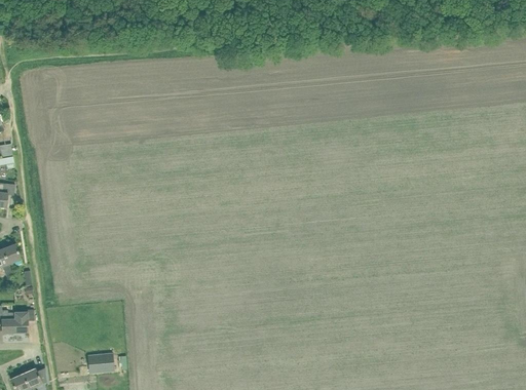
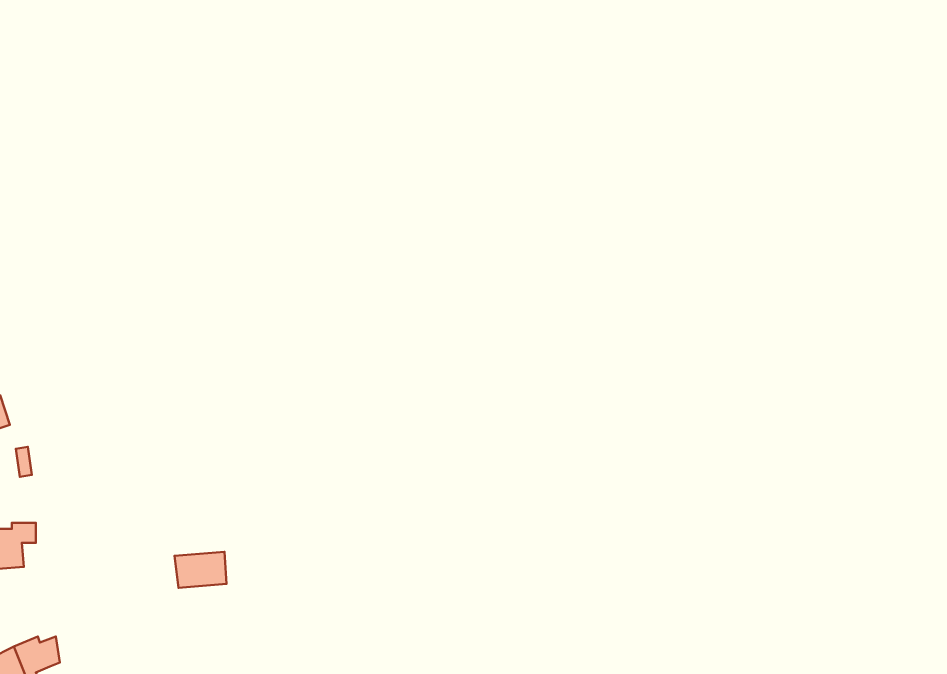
building: [87,354,114,373] -> [175,552,226,588]

